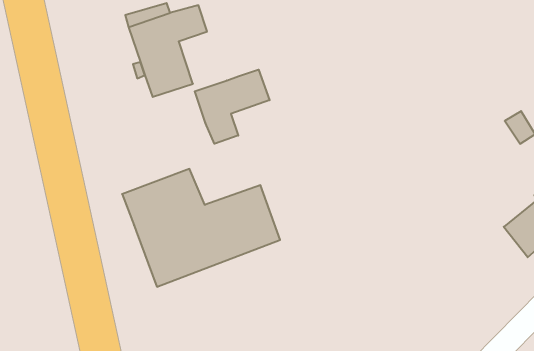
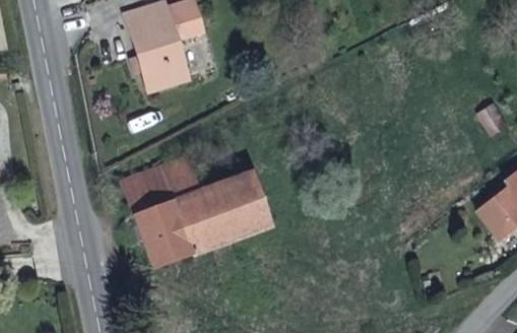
building: [195,70,270,144] -> none

